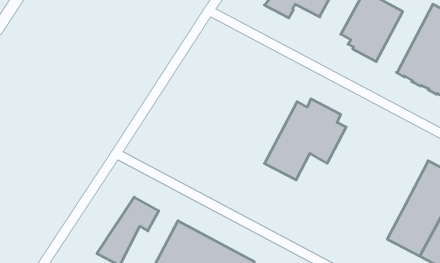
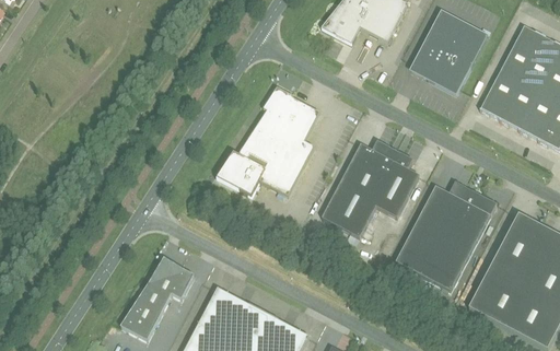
building: none -> [220,86,320,196]
building: none -> [396,180,497,291]

